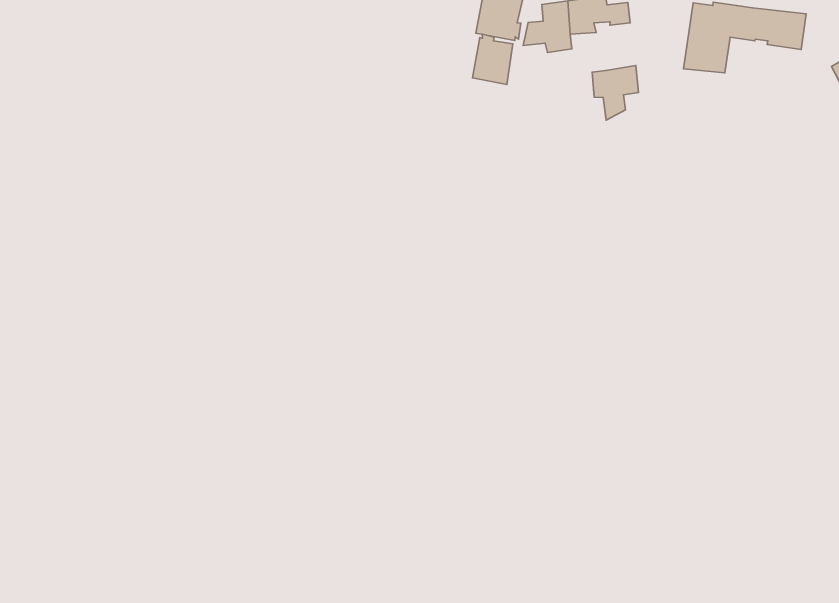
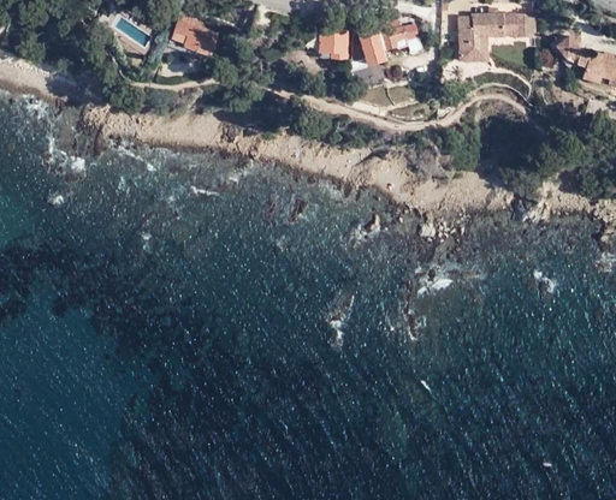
building: [473,34,513,84] -> none
building: [592,66,639,120] -> none

